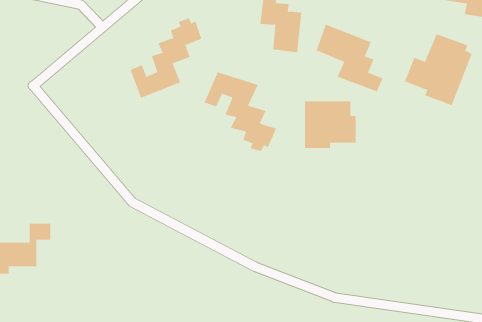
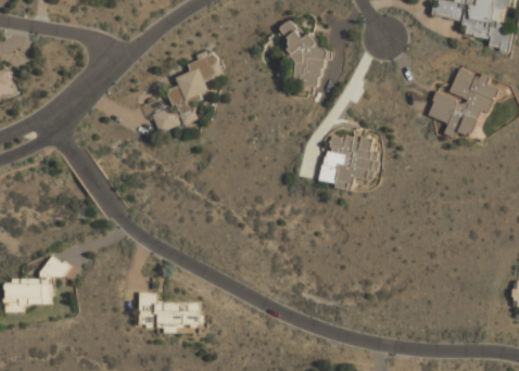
building: [316,24,383,92] -> none
building: [204,72,277,152] -> none
building: none -> [139,293,200,324]

